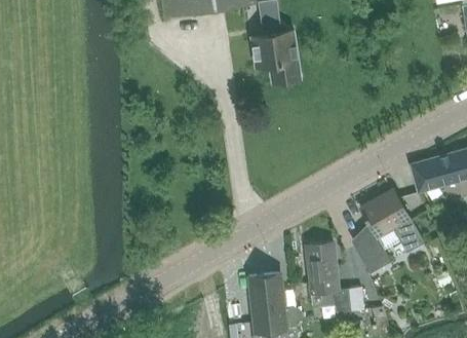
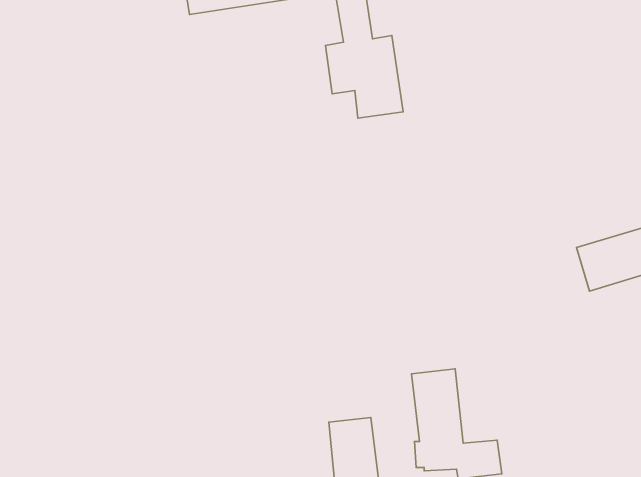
building: [354,190,423,274] -> none

